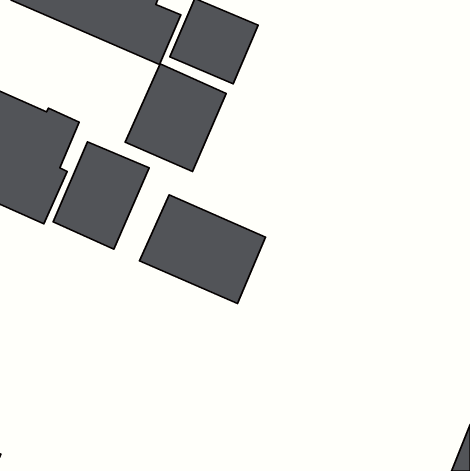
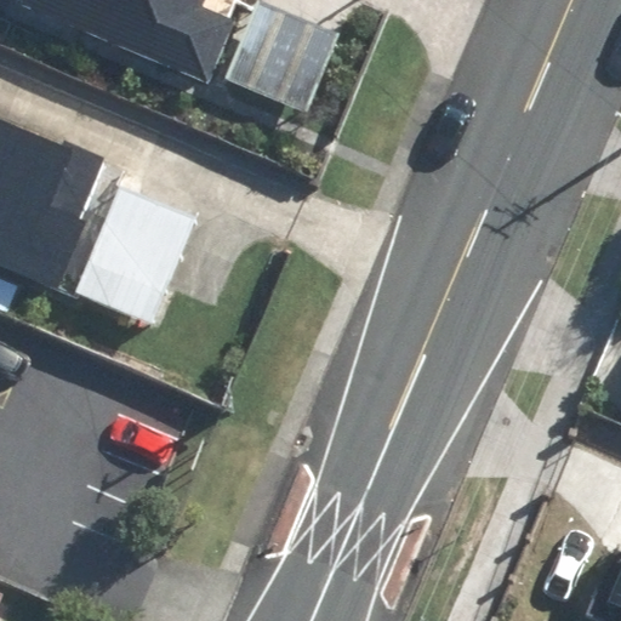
building: [125,64,226,172] -> none
building: [139,195,266,304] -> none

